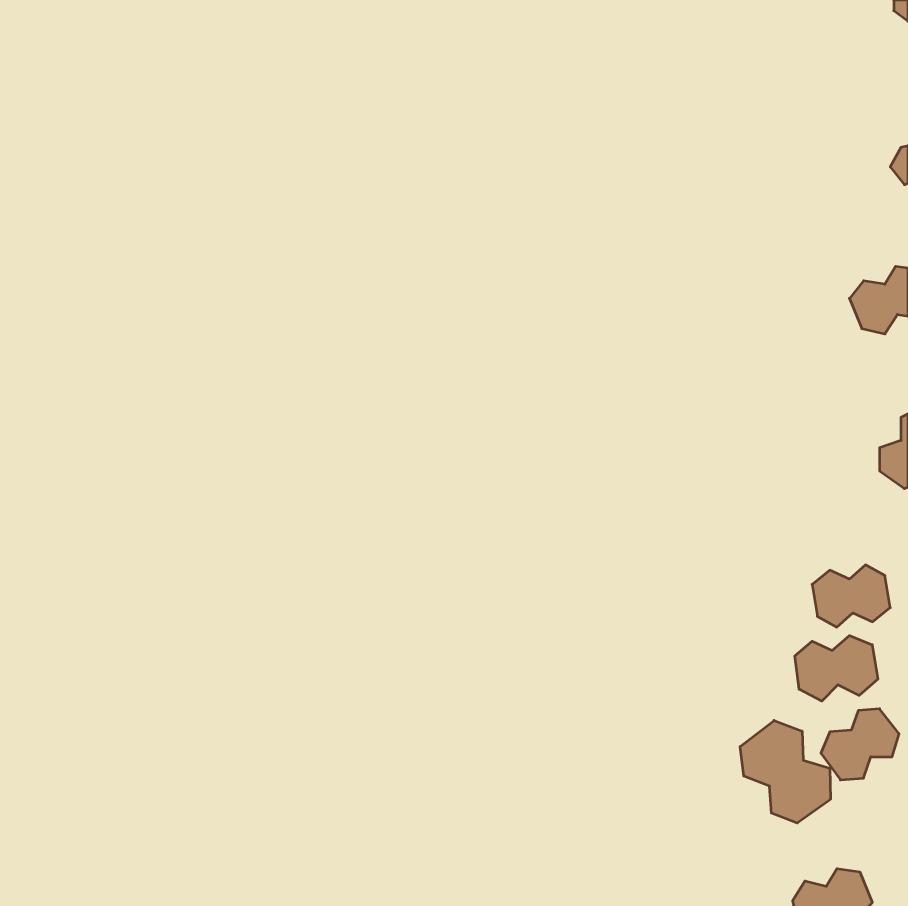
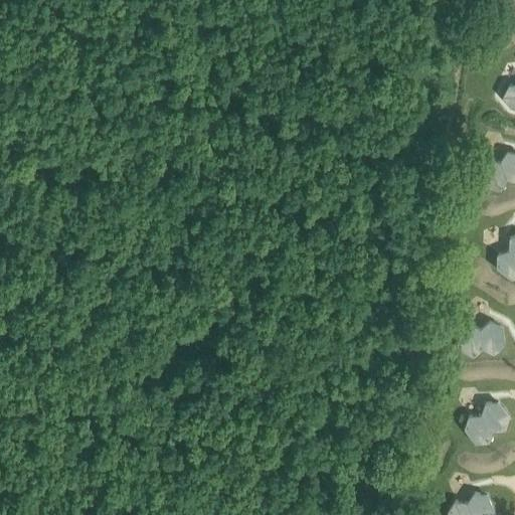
building: [795,636,878,701] -> none
building: [740,720,830,823] -> none

